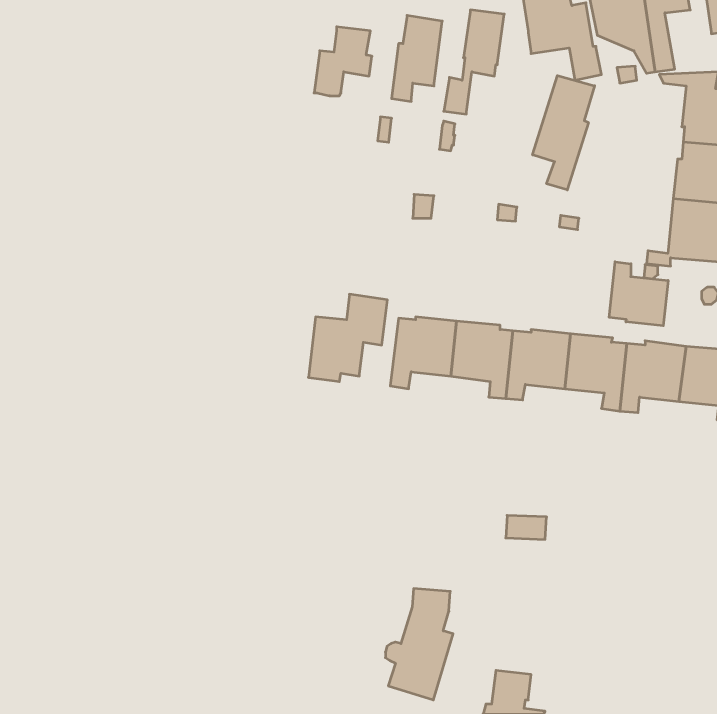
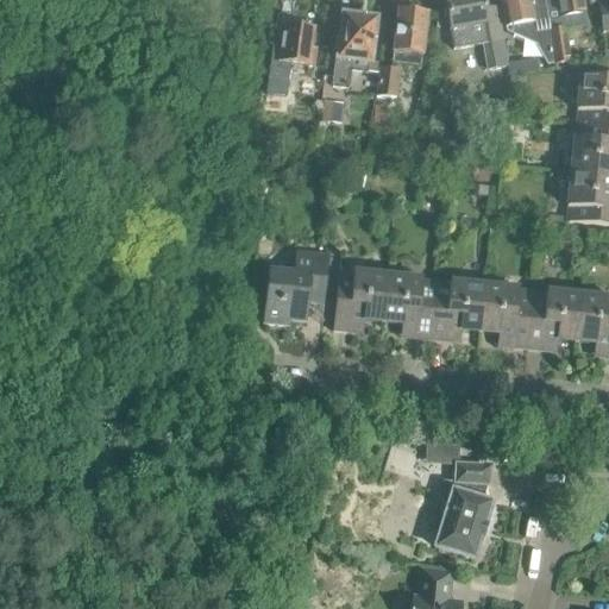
building: [533,76,595,190] -> none
building: [609,262,668,326] -> none
building: [385,589,453,700] -> [434,462,491,555]

